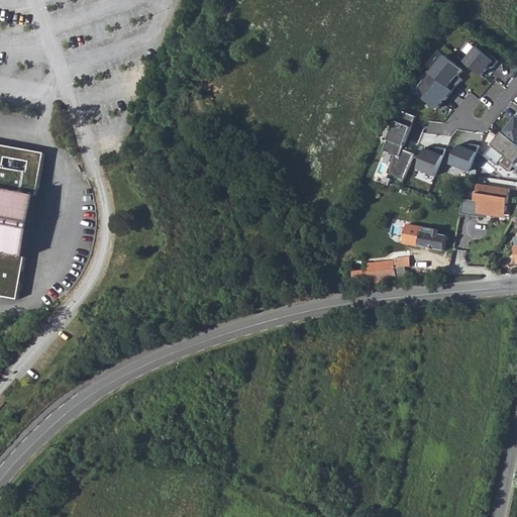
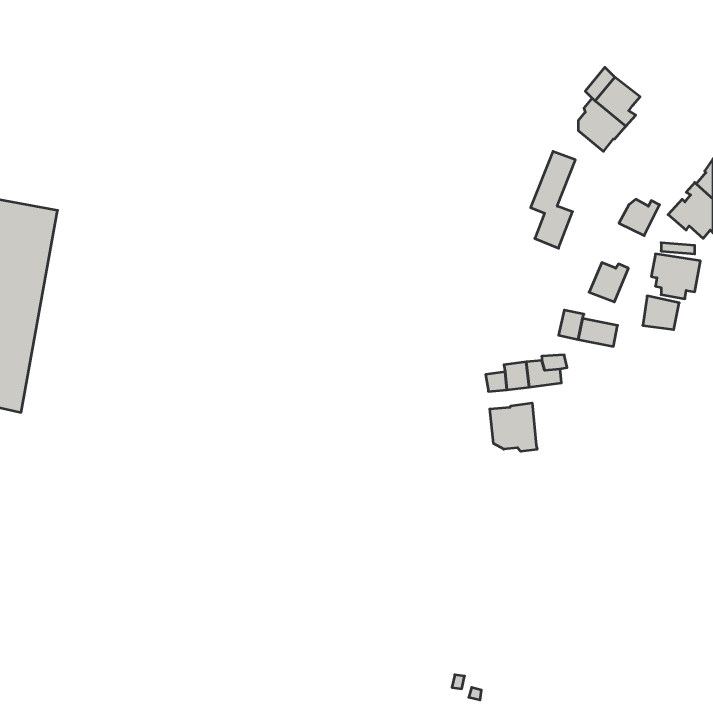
building: [462,47,497,76] -> none
building: [414,147,442,176] -> [589,263,628,302]
building: none -> [490,403,537,451]

